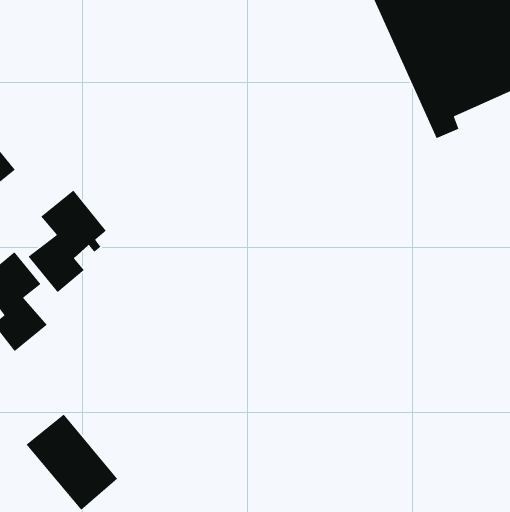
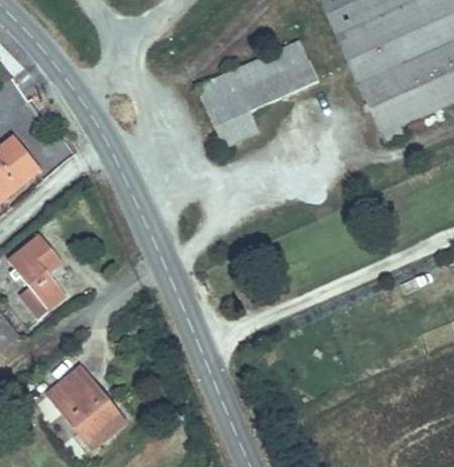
building: none -> [197,39,319,147]
building: [27,189,107,293] -> none

